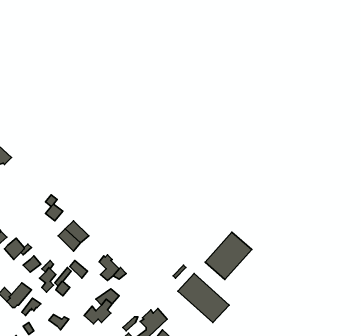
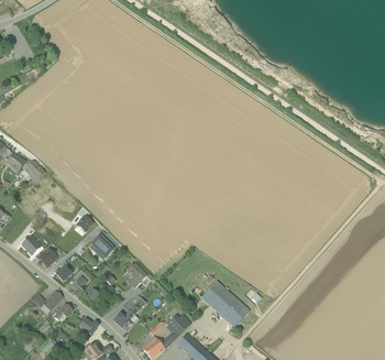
building: [205,232,252,280] -> none

